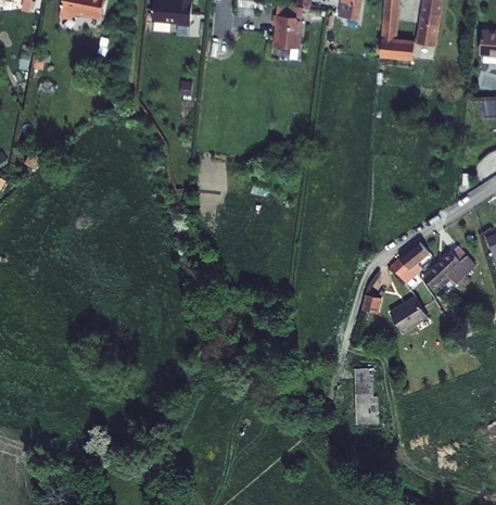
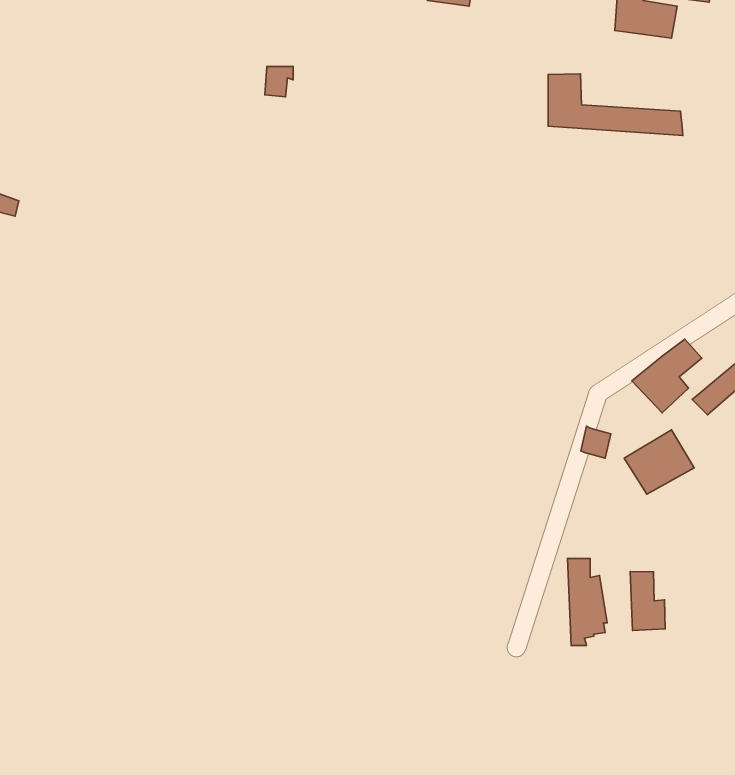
building: none -> [548,74,683,136]
building: none -> [630,571,665,630]

